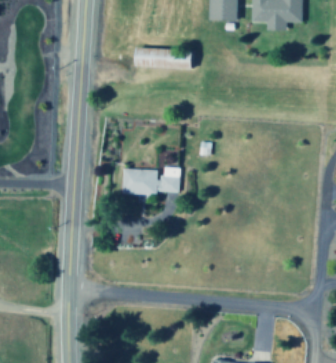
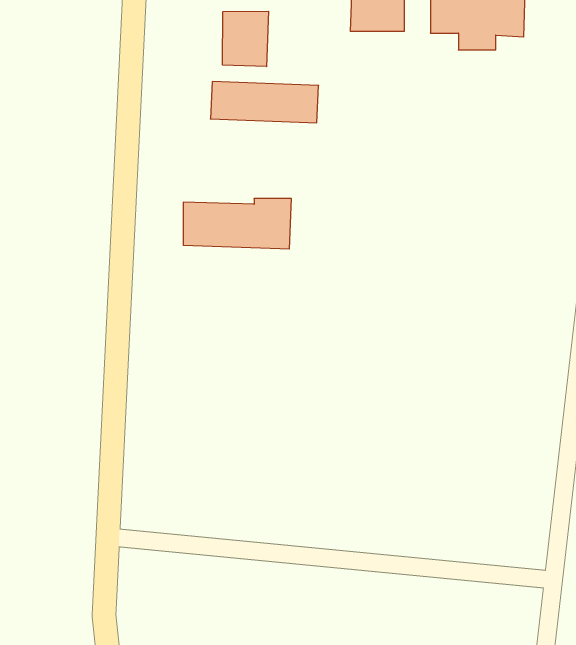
building: none -> [223,11,268,67]
building: [124,167,182,194] -> [183,199,291,249]

